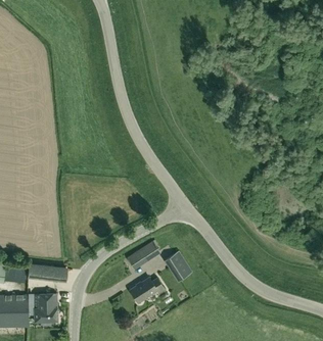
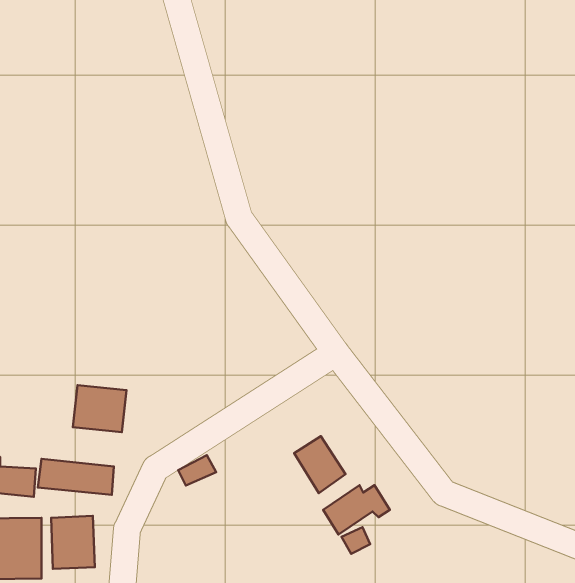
building: none -> [73,385,126,432]
building: [127,241,160,270] -> none
building: [130,278,166,304] -> [323,485,390,534]

